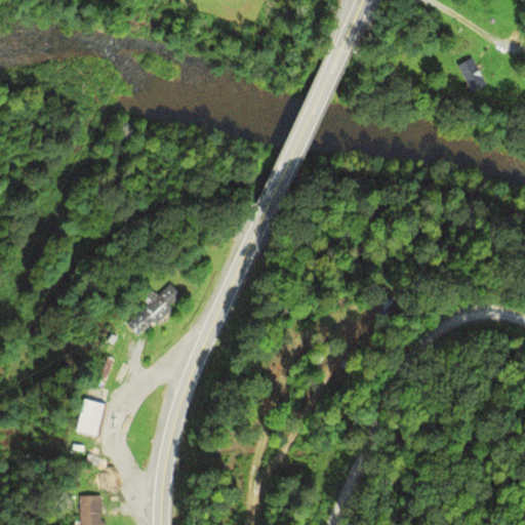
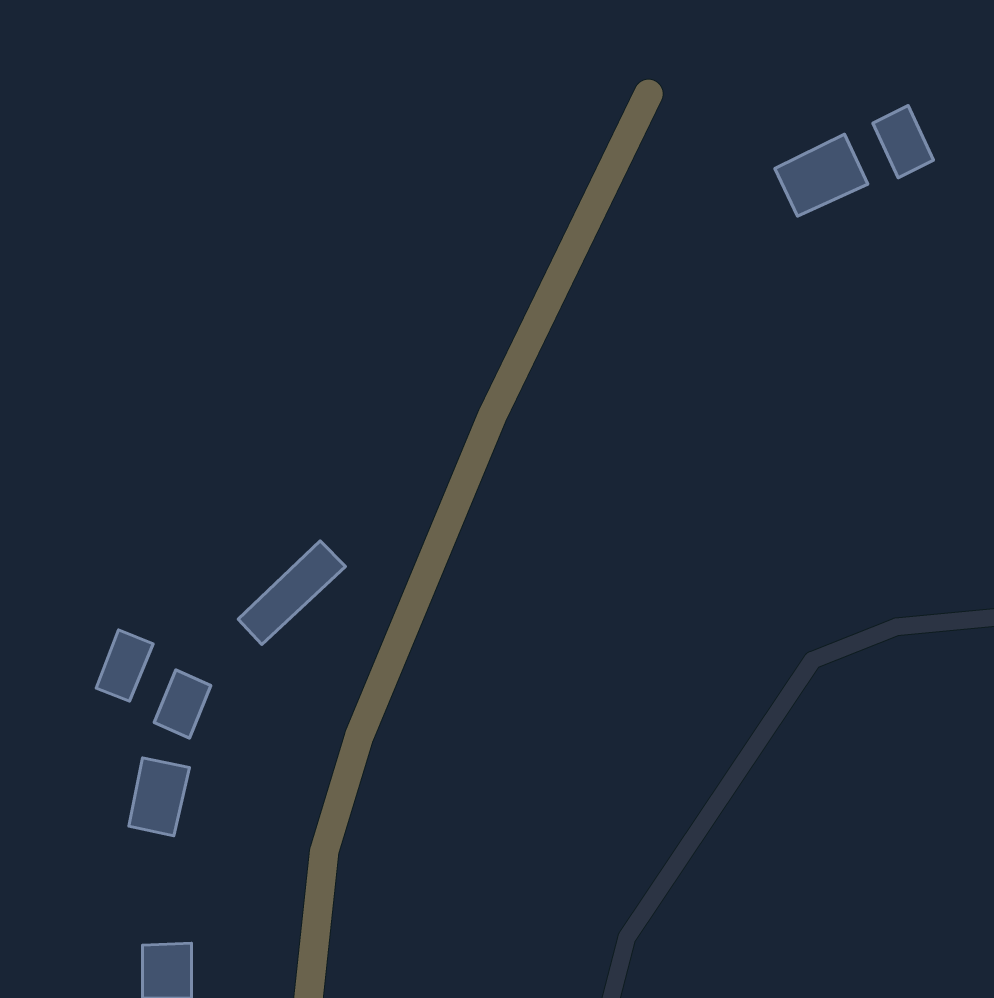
building: none -> [775,134,868,216]
building: none -> [96,630,153,701]

